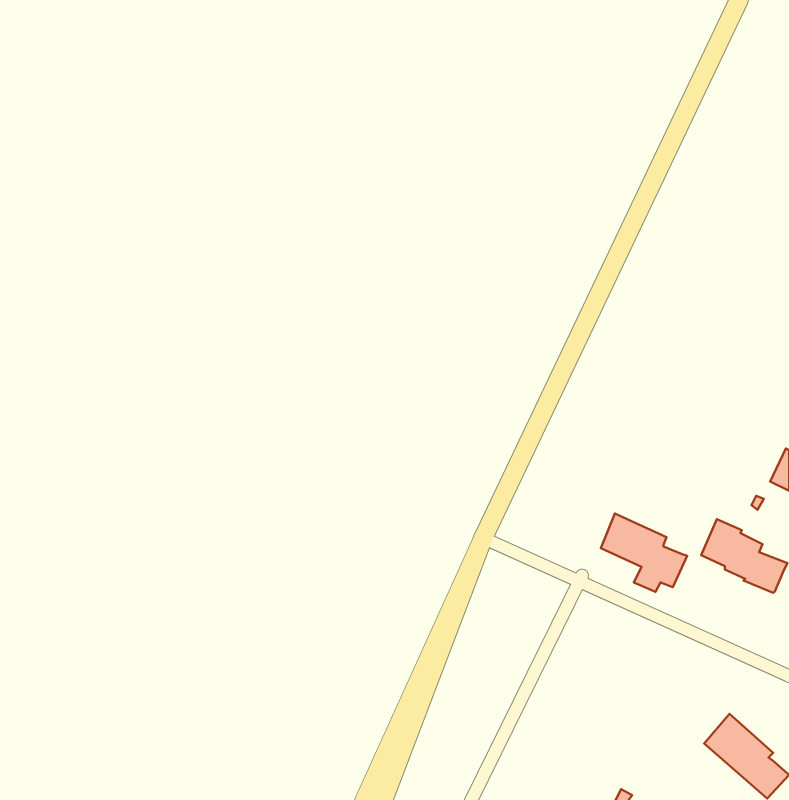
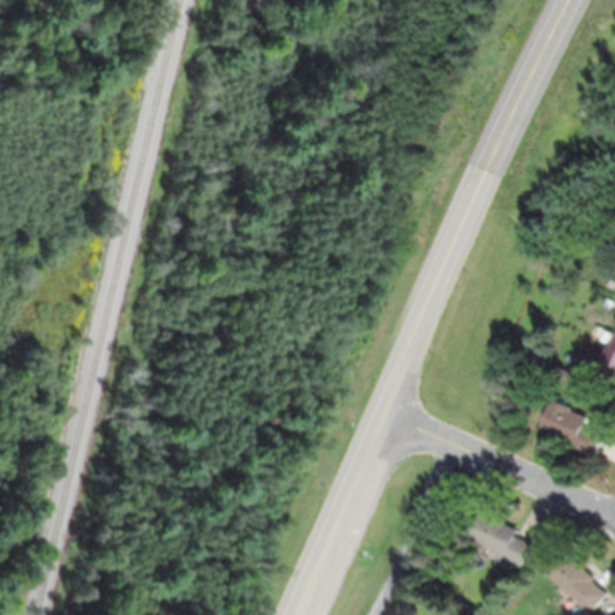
building: [601,514,687,592] -> [464,512,530,572]

